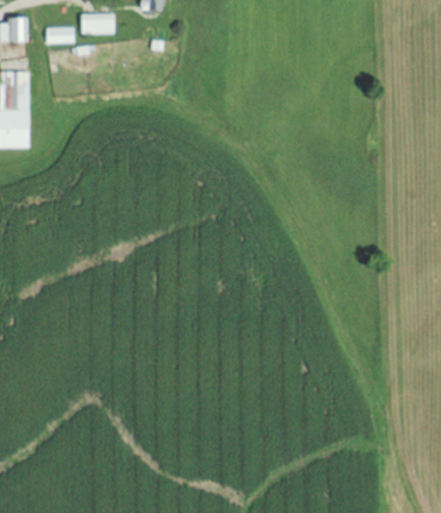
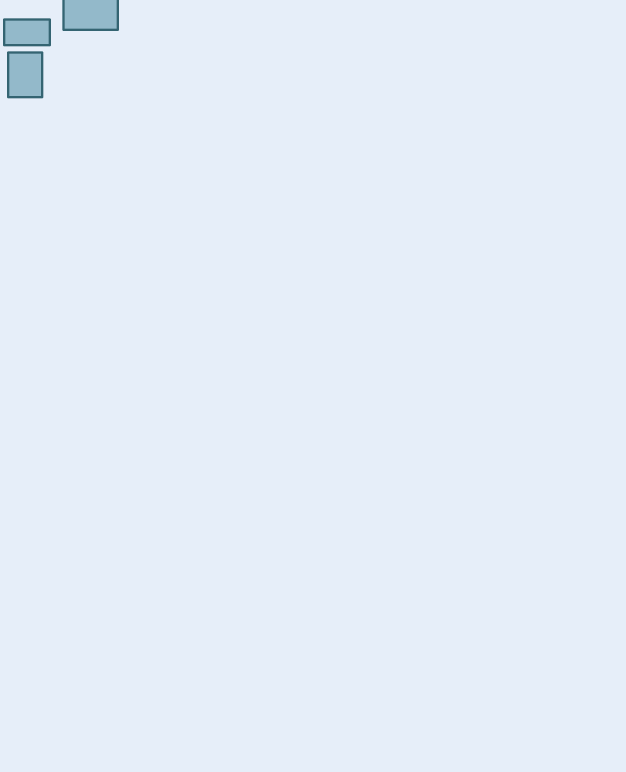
building: none -> [8,52,42,97]

